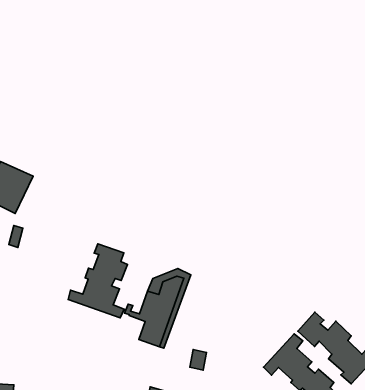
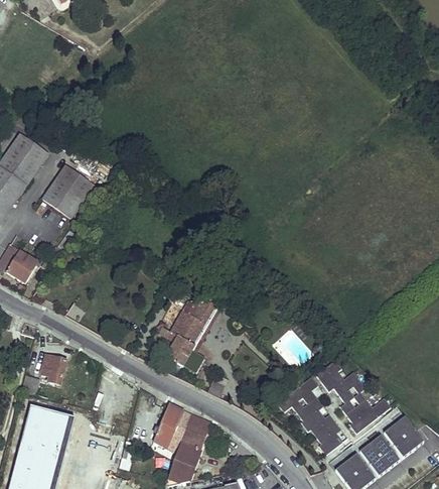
building: [68,244,127,318] -> none
building: none -> [41,354,66,382]

